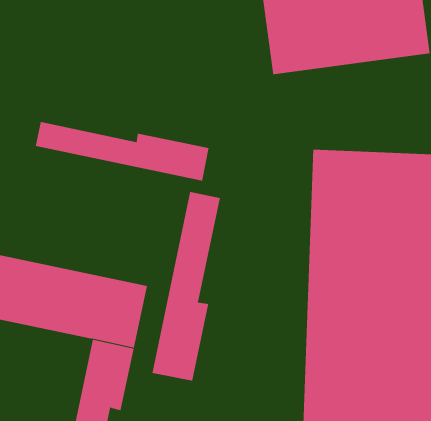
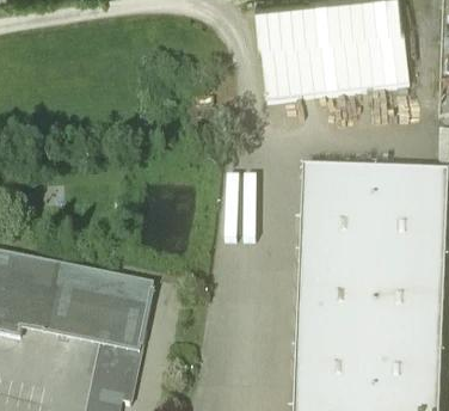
building: [35,121,209,182] -> none
building: [152,191,221,381] -> none

